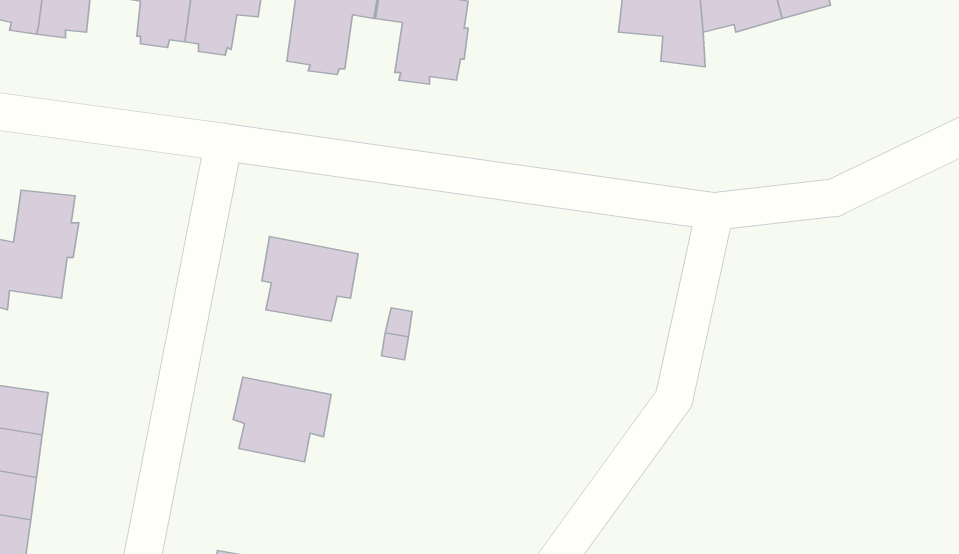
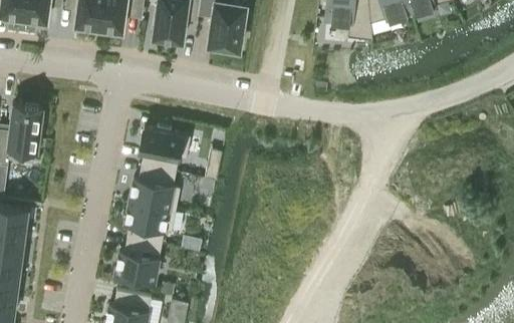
building: none -> [130,168,180,212]
building: none -> [114,240,162,284]

